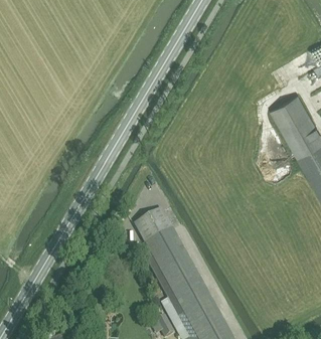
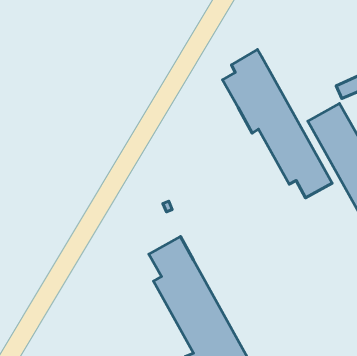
building: none -> [223,49,332,198]

